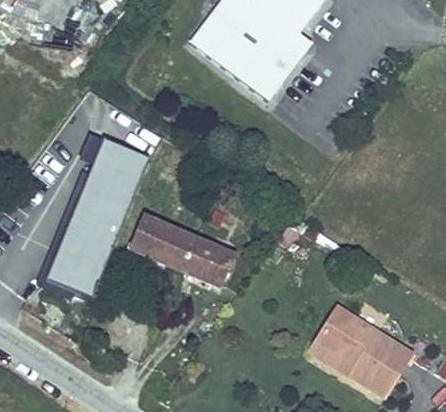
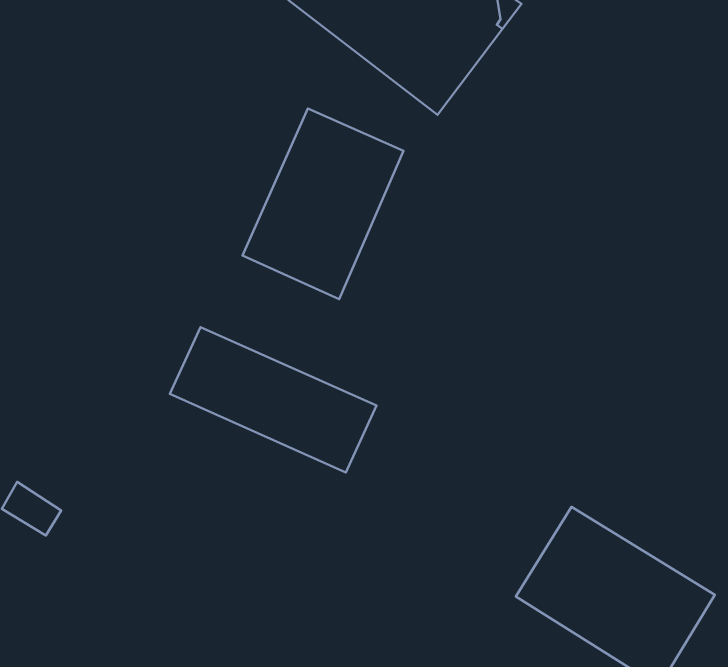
building: none -> [242,109,403,299]
building: [47,138,149,295] -> none

